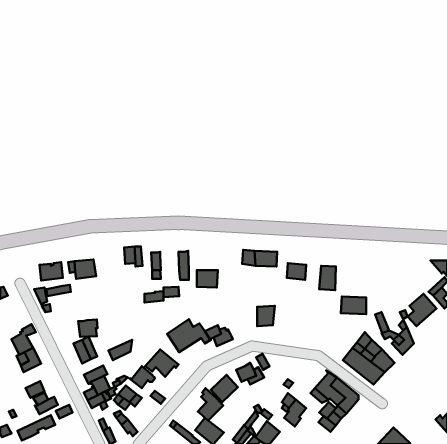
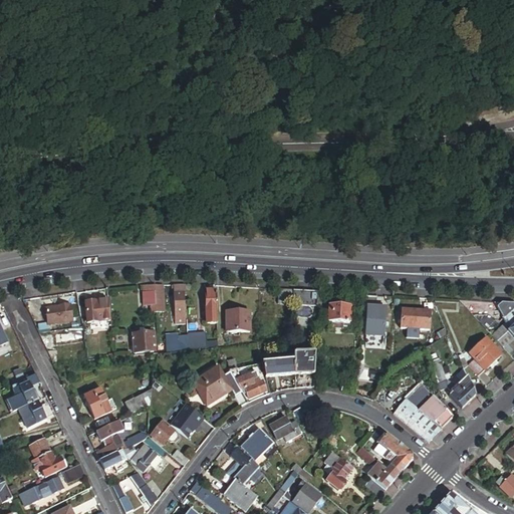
building: [341,297,366,314] -> [401,307,430,327]
building: none -> [262,360,295,376]
building: [78,319,98,337] -> [133,329,155,349]

